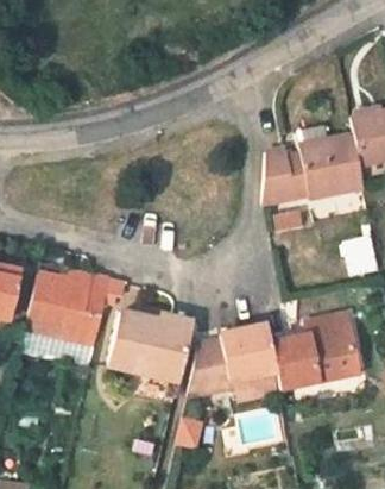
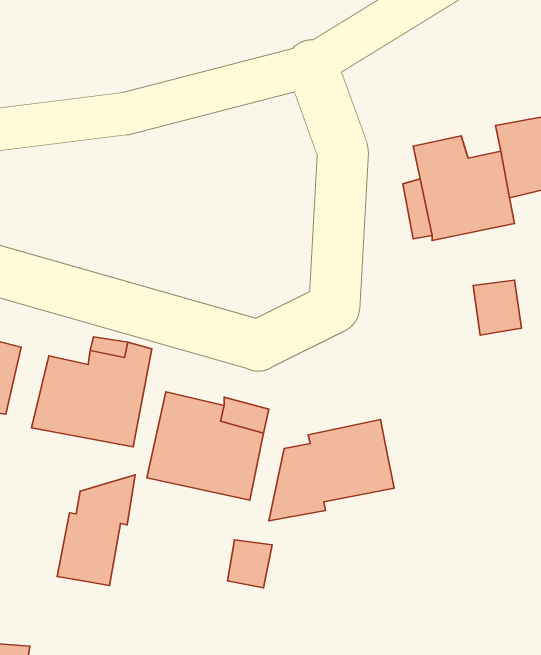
building: [261,152,292,206] -> none
building: [273,314,361,388] -> none
building: none -> [57,475,135,586]

